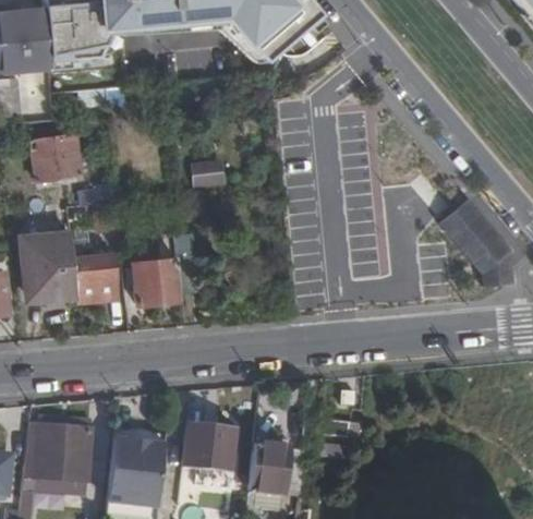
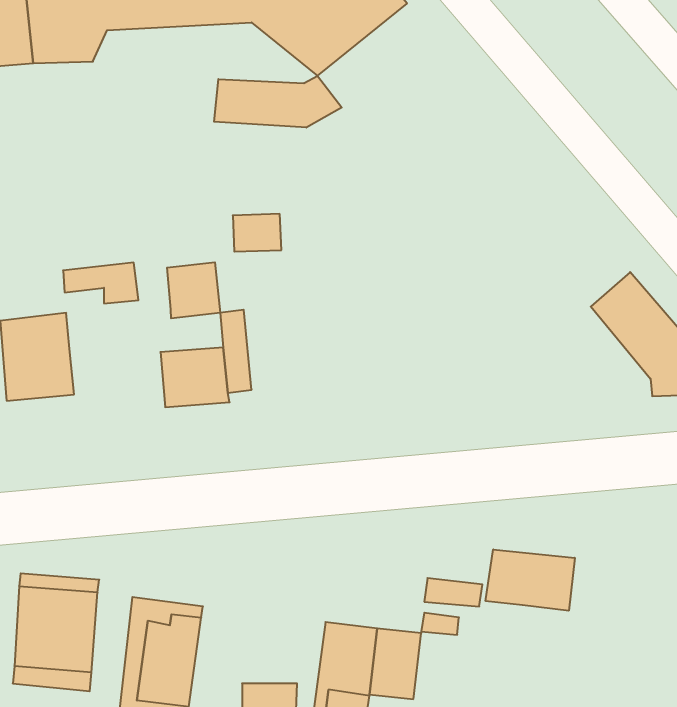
building: none -> [214,76,342,128]
building: [35,133,83,177] -> none
building: none -> [167,262,220,318]
building: [73,252,116,297] -> none
building: none -> [486,549,575,611]
building: [182,420,238,474] -> none

